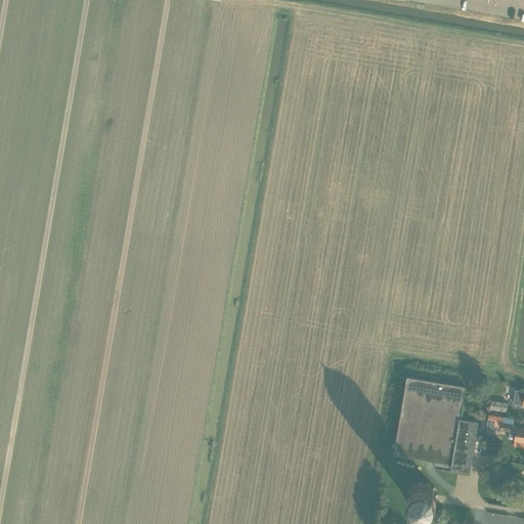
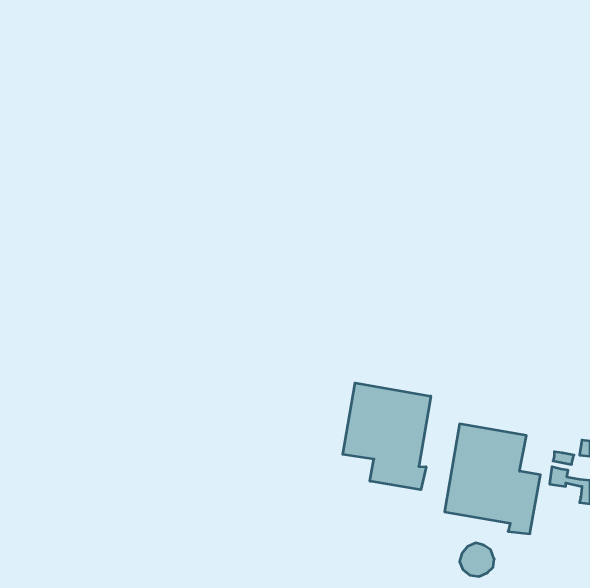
building: none -> [343,383,431,490]

